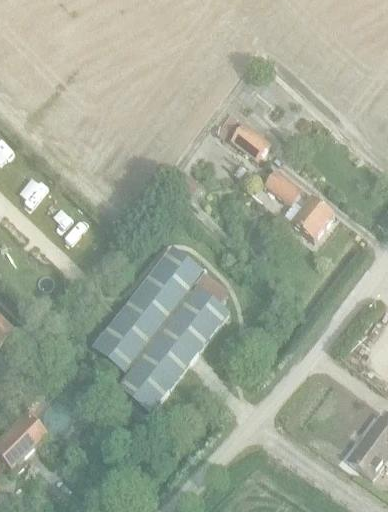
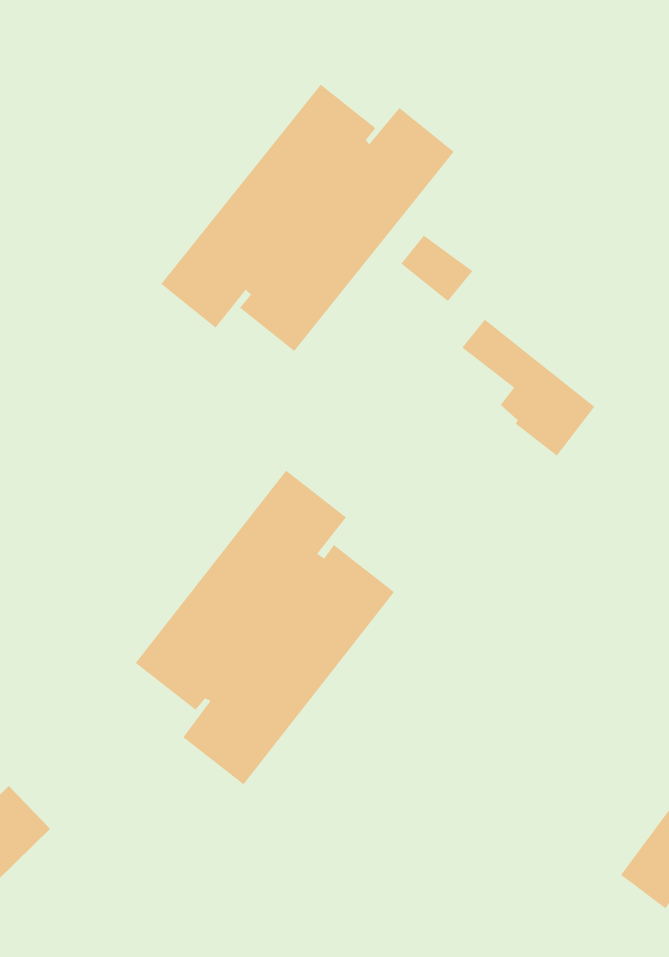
building: none -> [161,84,455,352]

